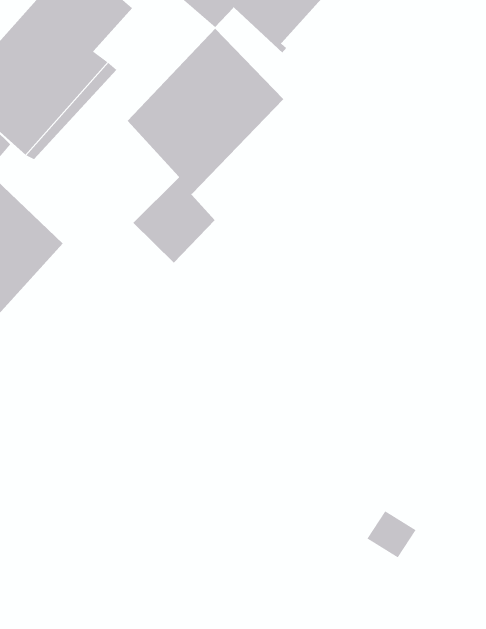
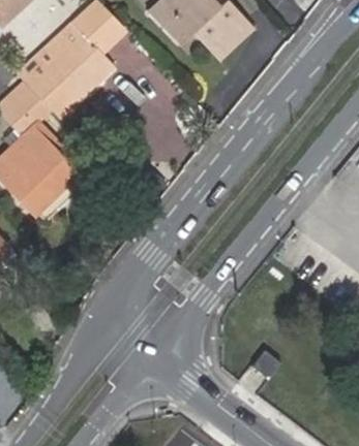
building: [127,28,284,264] -> none

